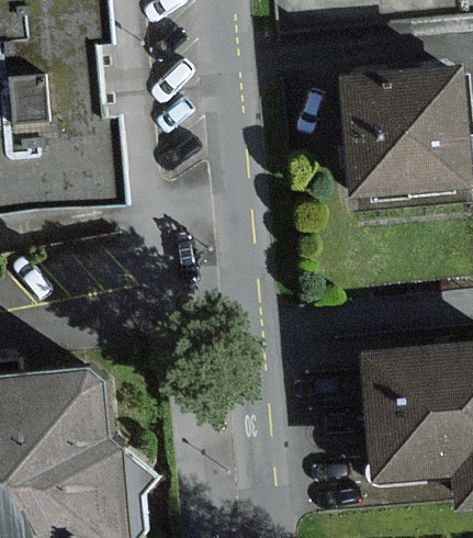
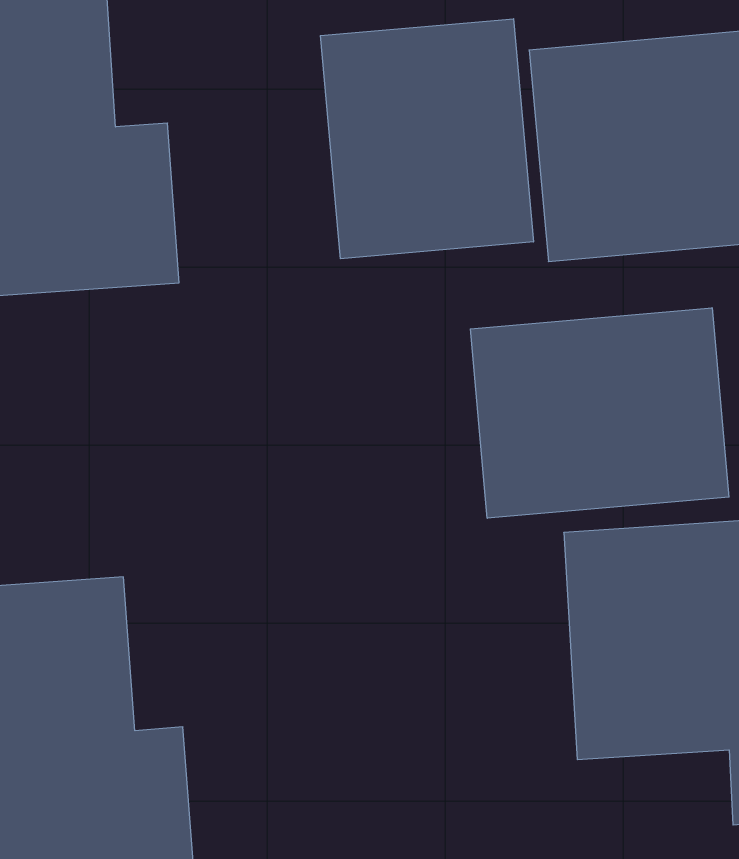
building: none -> [320,19,533,259]
building: none -> [470,308,729,518]

